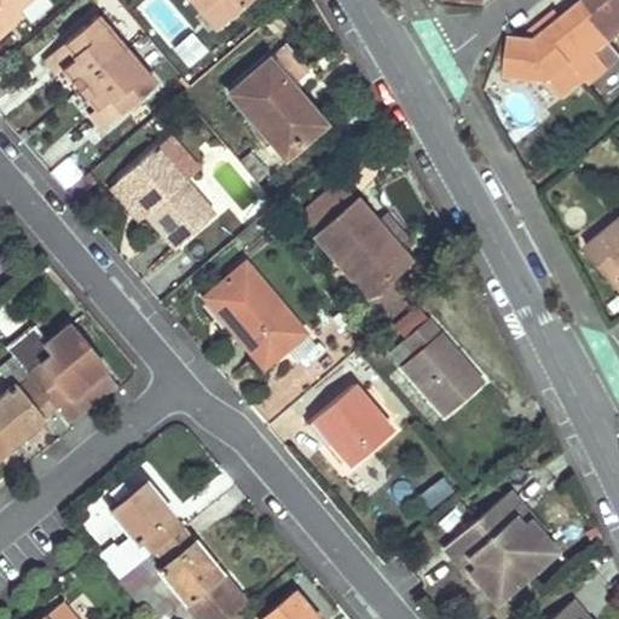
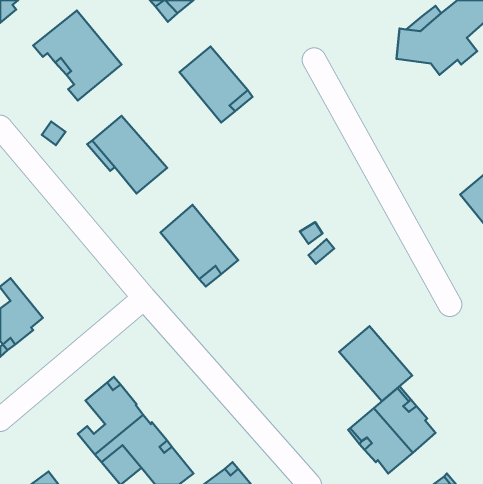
building: [301,181,412,299] -> none
building: [392,320,485,416] -> [339,326,412,401]
building: [10,324,118,421] -> none
building: [314,383,394,464] -> none

